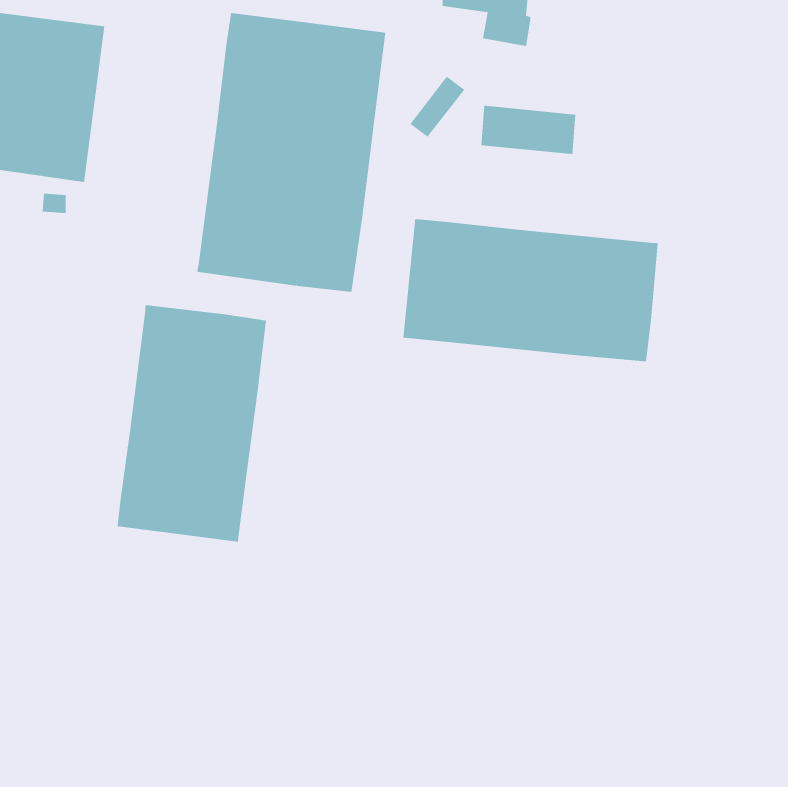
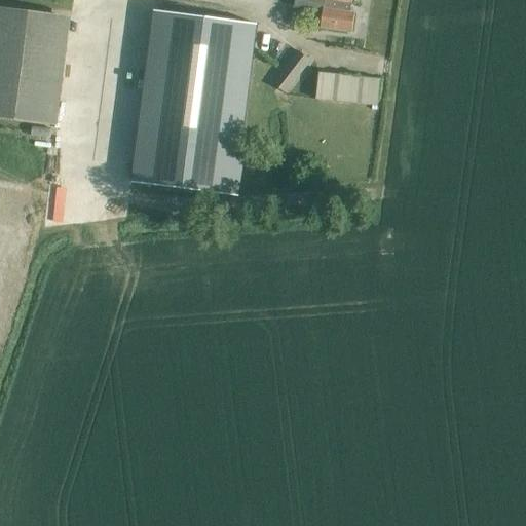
building: [403,218,658,363] -> none
building: [117,304,267,542] -> none

